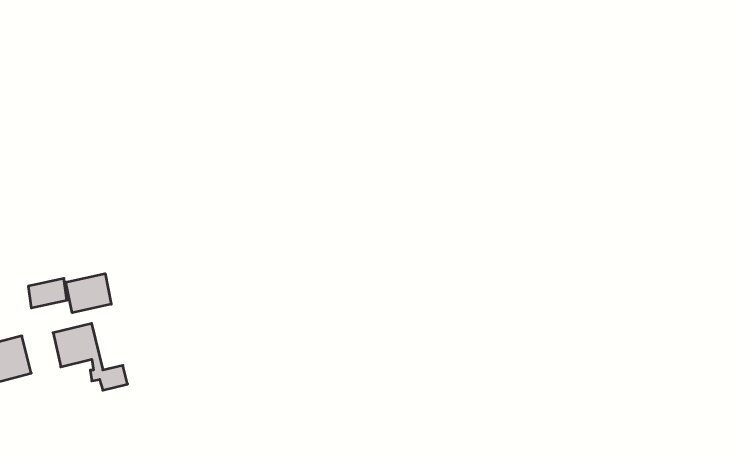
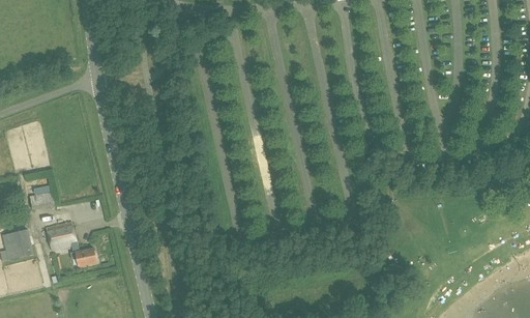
building: [66,274,111,313] -> none

